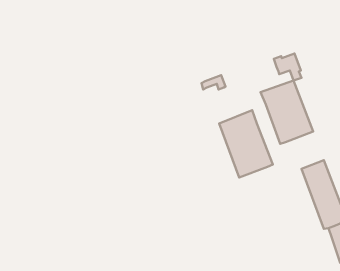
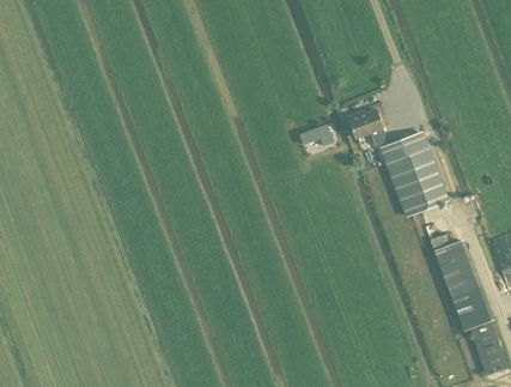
building: [274,54,302,80] -> [348,109,385,145]
building: [219,110,273,177] -> none

